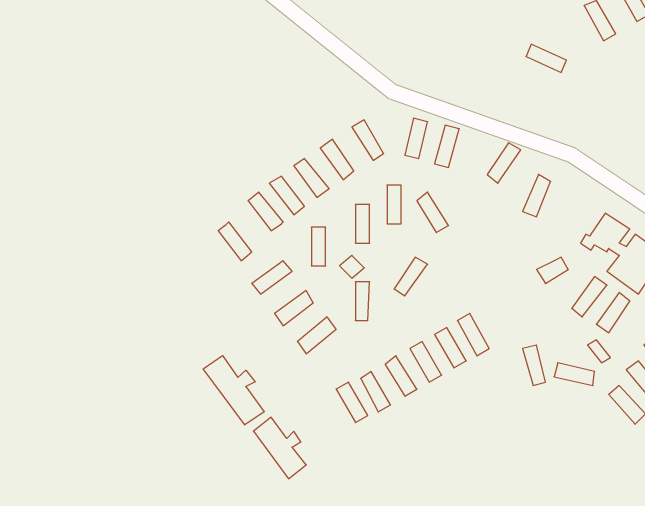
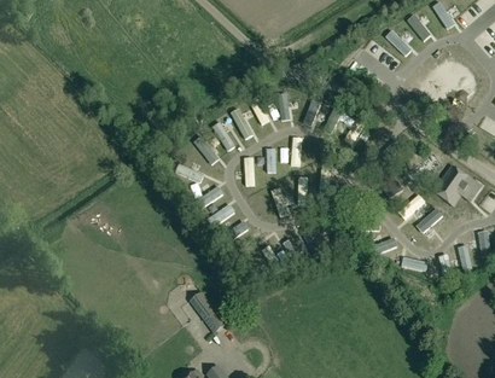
building: [203,356,264,425] -> none

